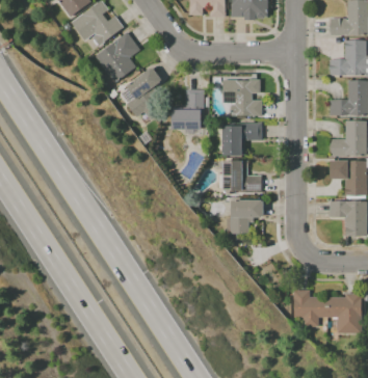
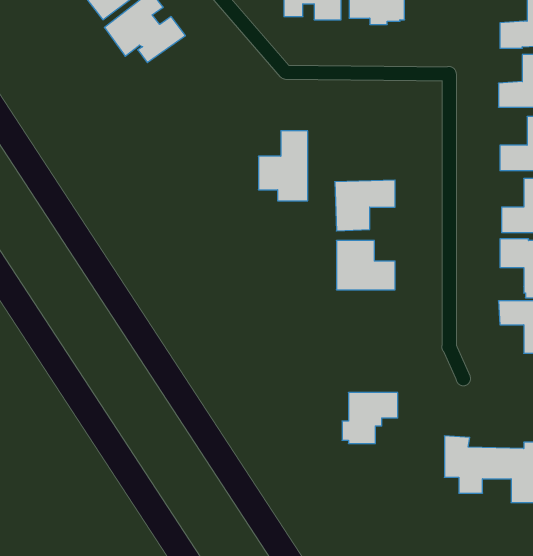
building: [95,31,140,83] -> none
building: [122,66,164,119] -> none
building: [222,79,261,115] -> none
building: [227,199,263,233] -> [342,393,398,443]

